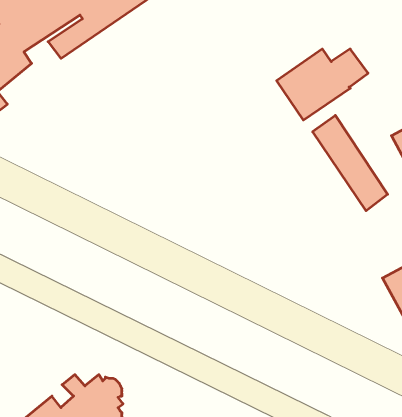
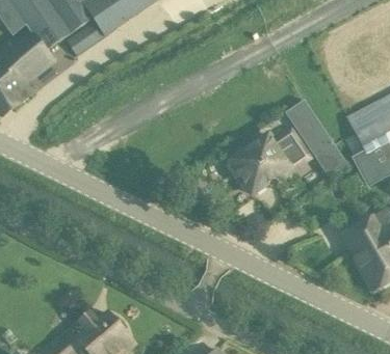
building: [277,49,368,120] -> [230,134,305,192]

